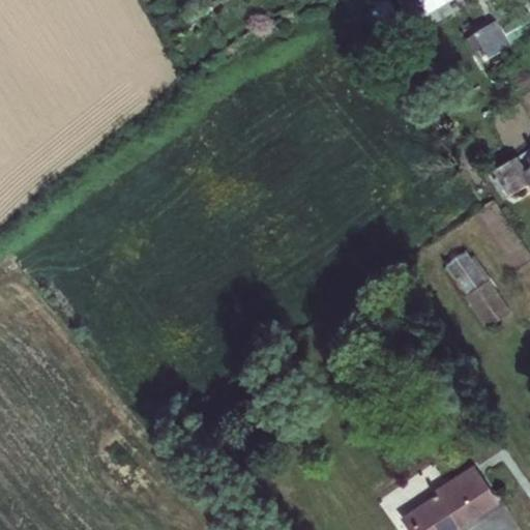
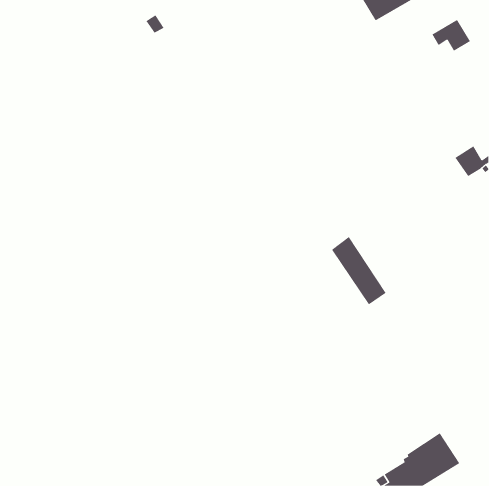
building: [446,249,506,324] -> [331,236,387,305]

